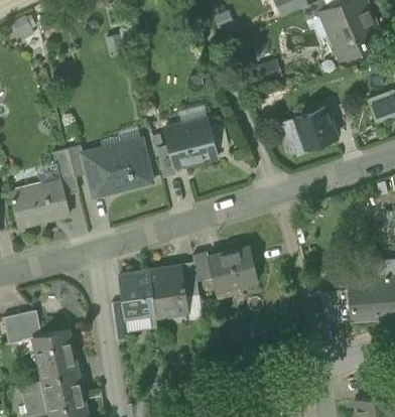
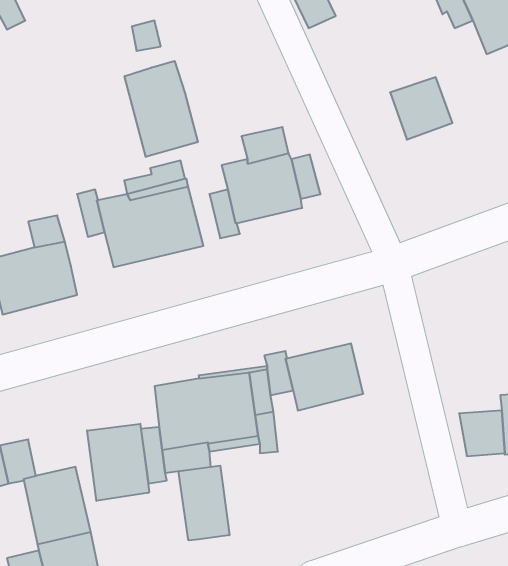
building: none -> [125,61,198,157]
building: [294,108,336,149] -> [390,77,452,140]
building: [53,149,79,196] -> none
building: none -> [87,424,149,501]
building: none -> [178,466,229,540]

